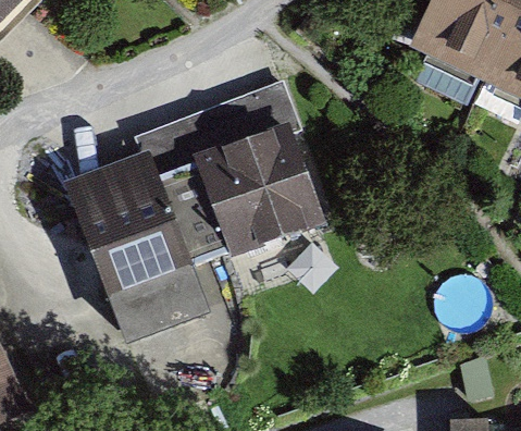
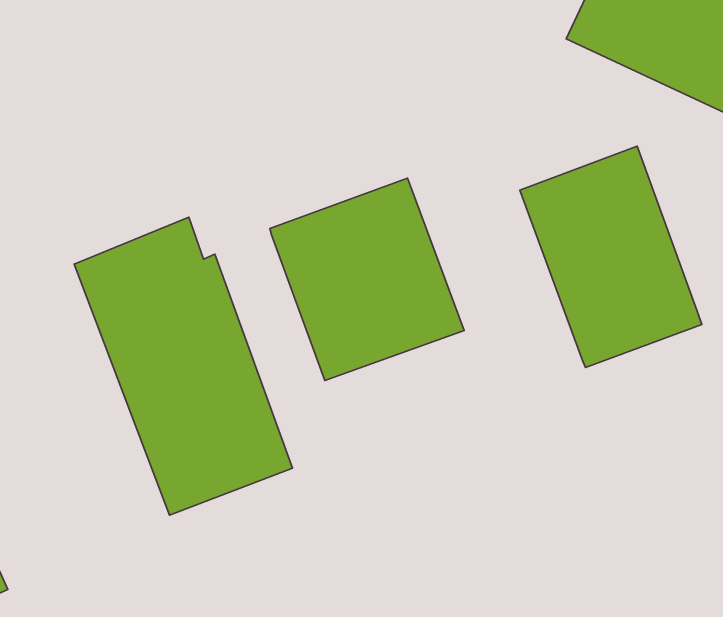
building: [136,79,306,184] -> none
building: none -> [520,146,702,367]

